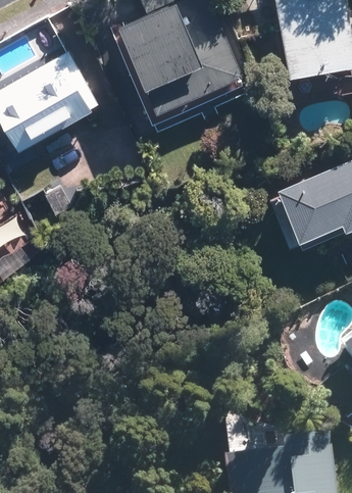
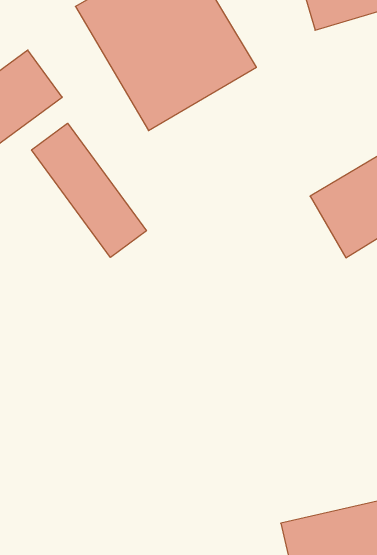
building: none -> [32,123,146,257]

